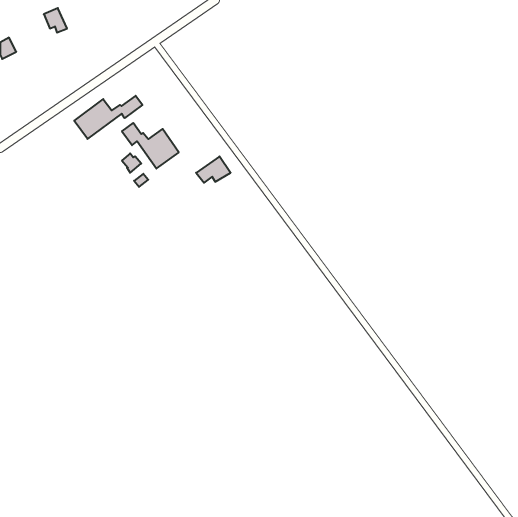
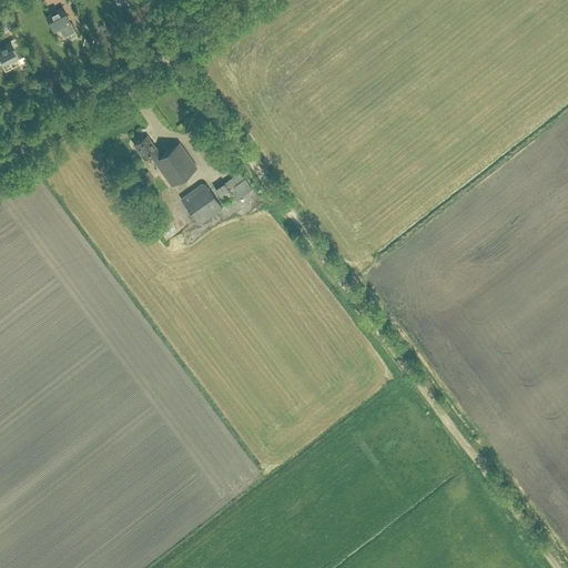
building: [74,96,142,139] -> none
building: none -> [181,184,223,226]

